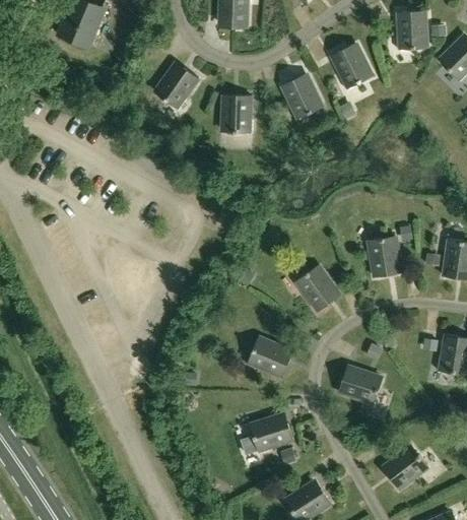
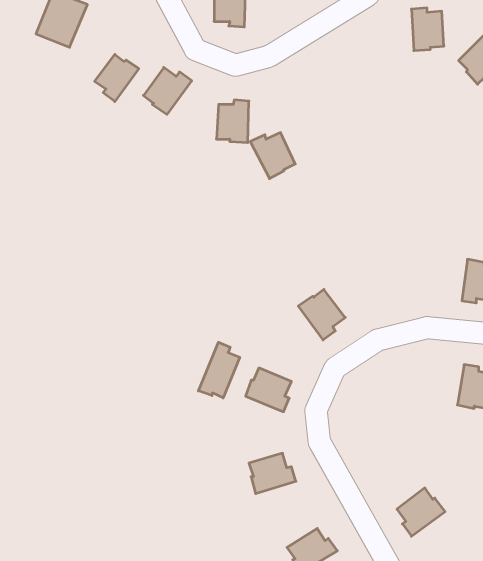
building: [331,46,373,88] -> none
building: none -> [95,54,139,102]
building: [281,77,322,119] -> [250,133,295,179]
building: [369,238,401,277] -> none
building: none -> [198,342,240,398]
building: [338,368,381,404] -> none

